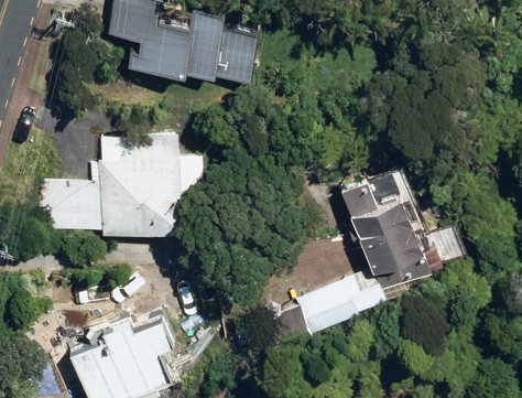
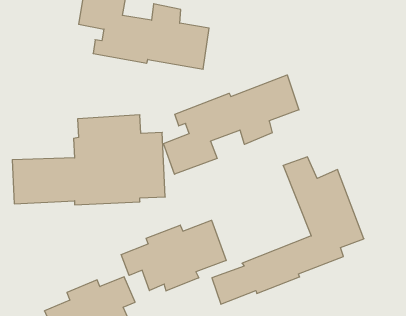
building: none -> [164,75,299,174]
building: none -> [121,220,226,291]

